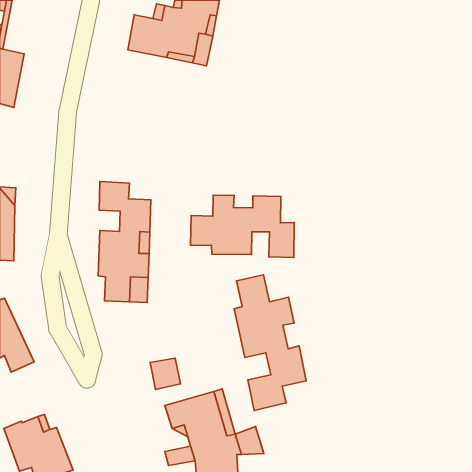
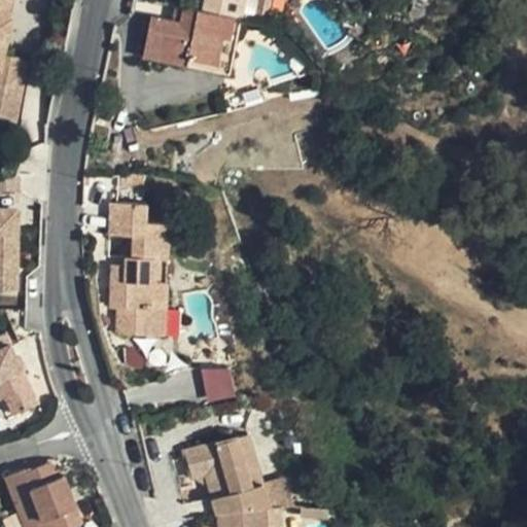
building: [191,195,294,258] -> none
building: [234,275,306,411] -> none
building: [150,358,181,389] -> [199,367,233,402]

